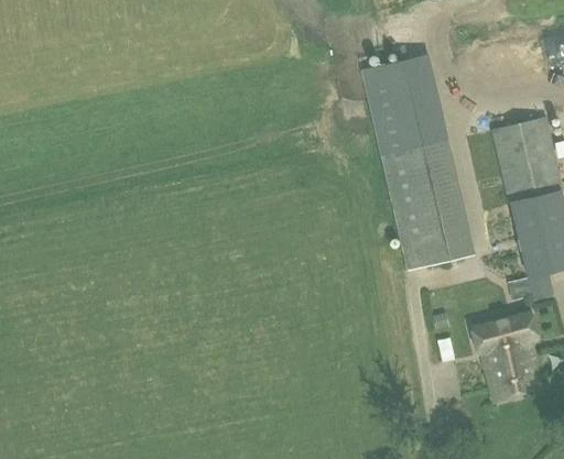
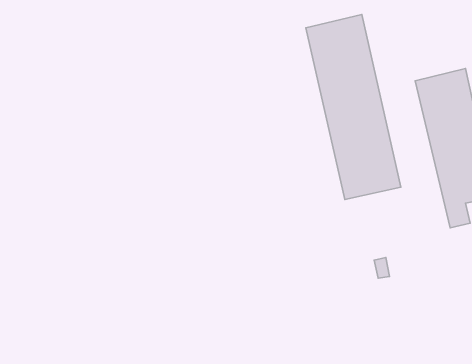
building: [475,315,541,397] -> none

